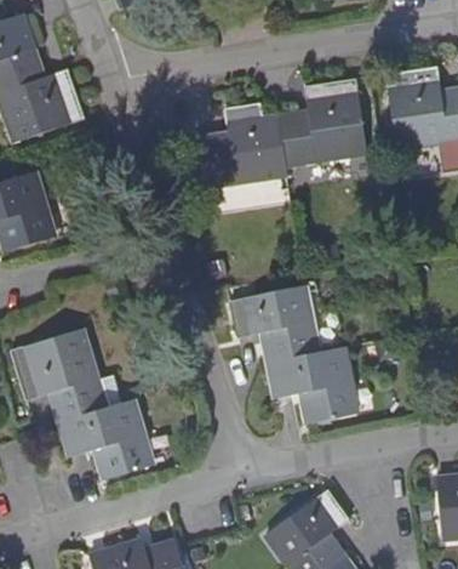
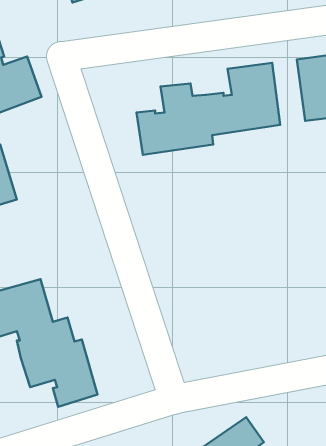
building: [231,286,356,422] -> none

